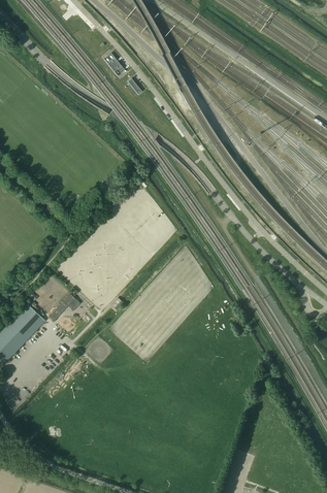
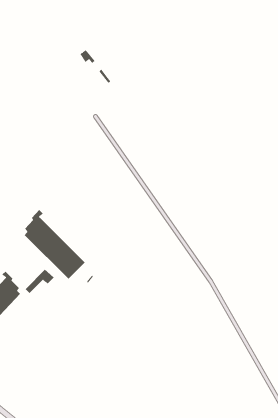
building: none -> [24,209,86,280]

